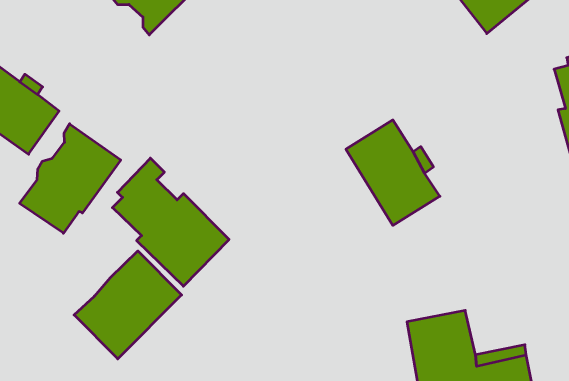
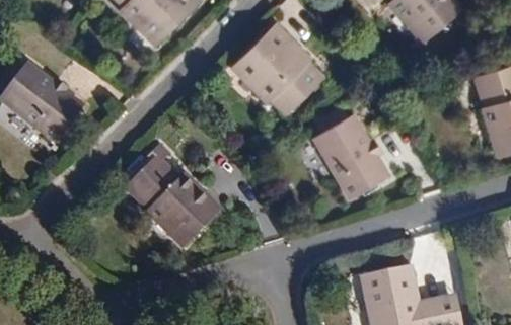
building: none -> [234,25,323,115]
building: [20,124,121,233] -> none
building: [74,251,182,359] -> none

